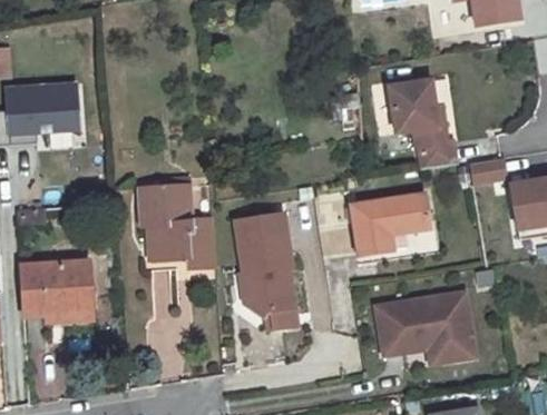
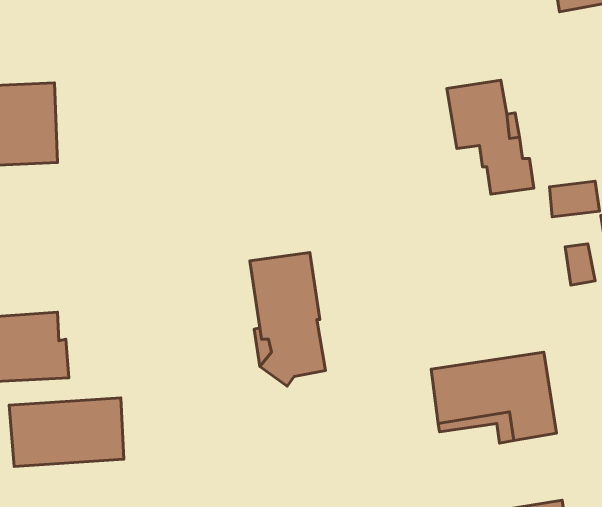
building: [140,185,216,267] -> none
building: [348,192,430,257] -> none
building: none -> [9,398,124,466]

